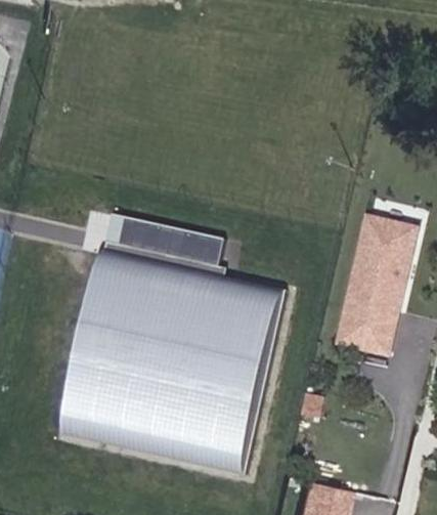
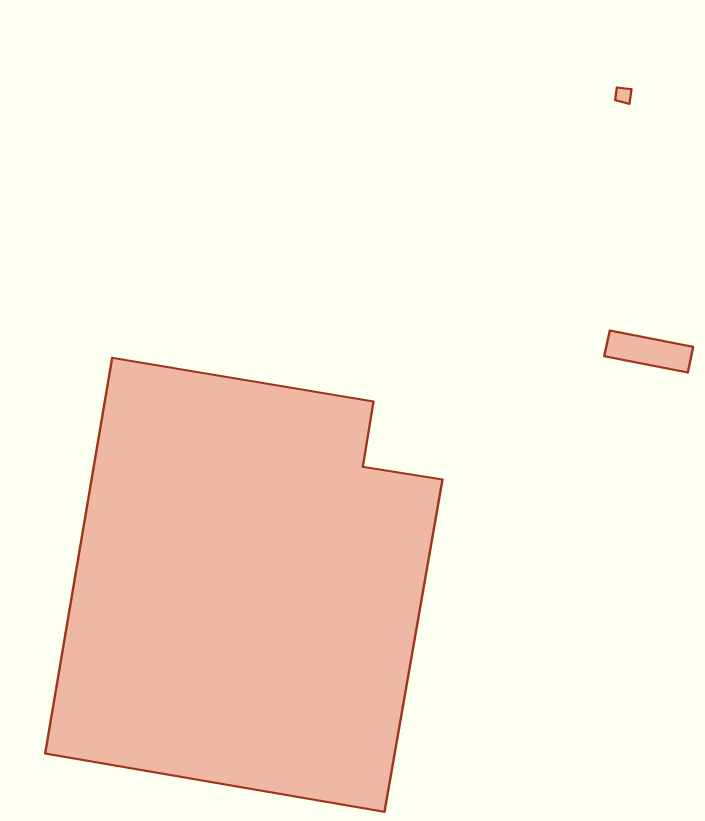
building: [334,216,418,359] -> none

